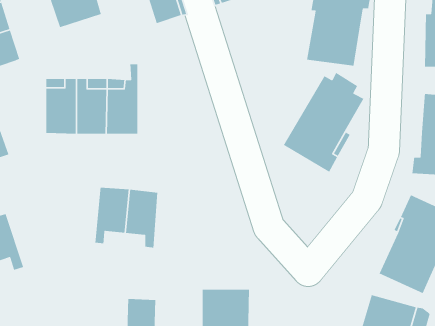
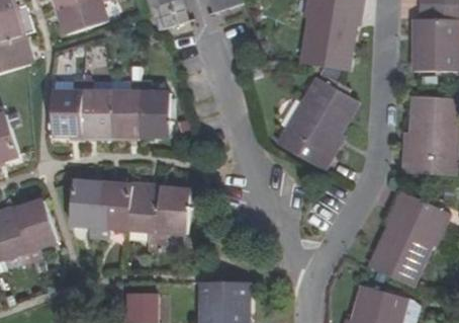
building: none -> [141,82,170,136]
building: none -> [70,181,104,238]
building: none -> [156,189,190,243]
building: none -> [15,200,56,261]

